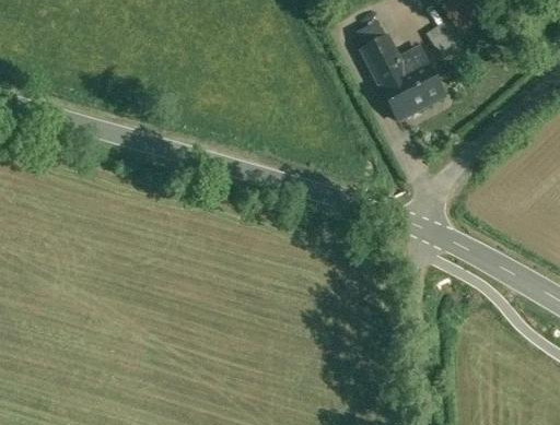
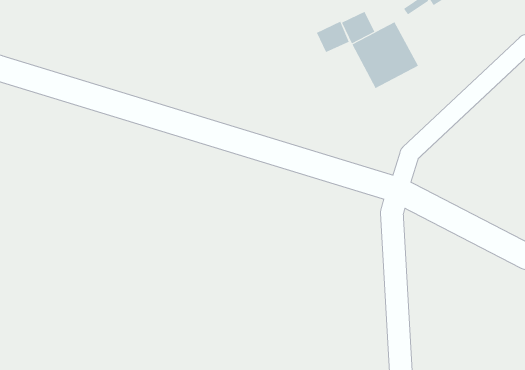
building: none -> [316,21,349,53]

